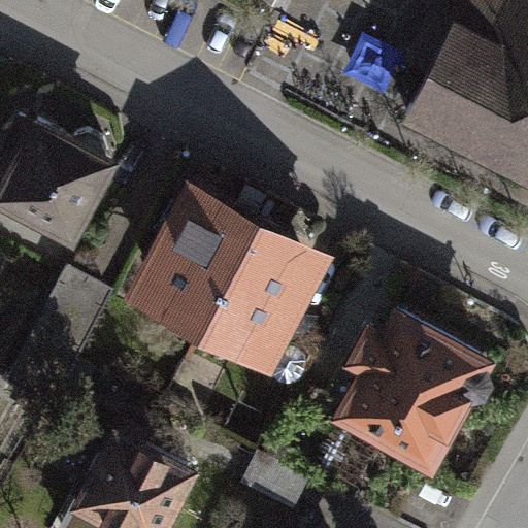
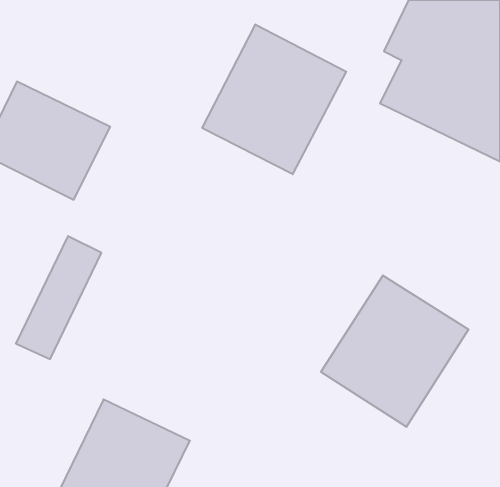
building: none -> [202,24,346,174]
building: [136,169,335,358] -> none

